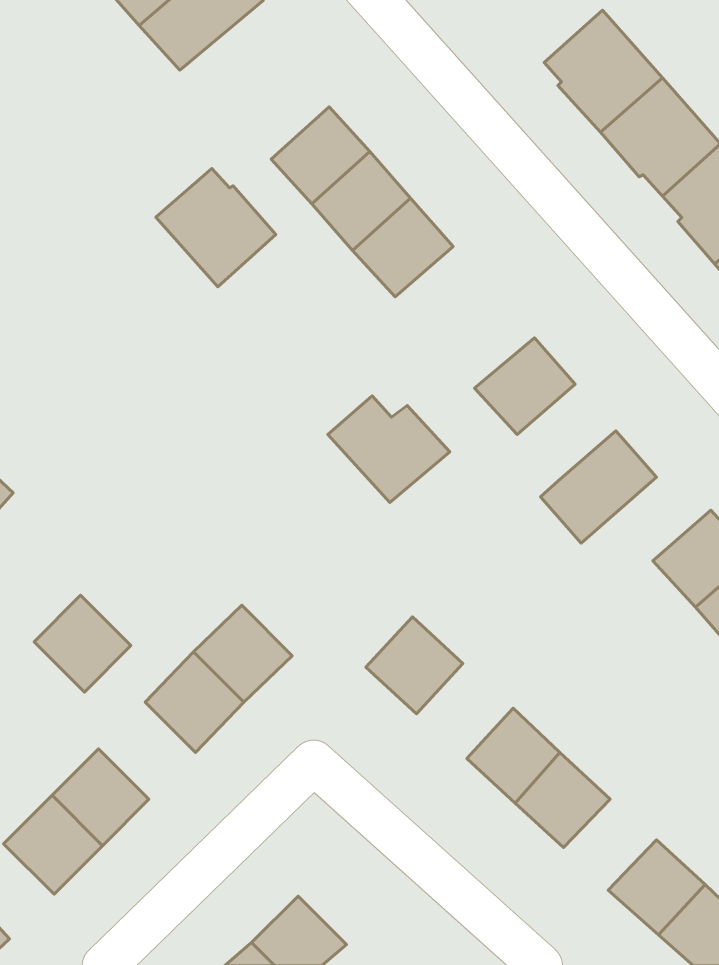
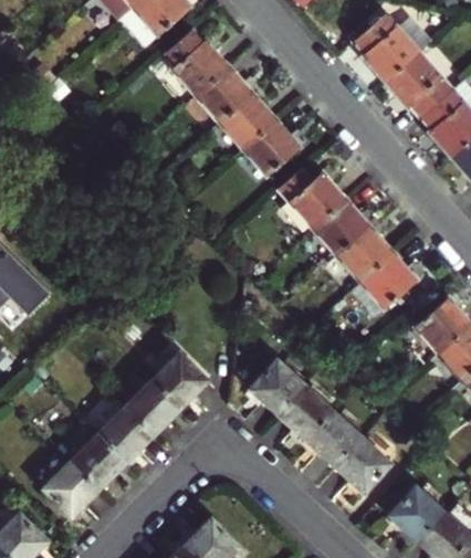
building: [156,169,276,287] -> [160,30,229,97]
building: none -> [336,225,392,281]
building: [328,396,450,502] -> [276,167,346,228]
building: [34,595,131,692] -> [97,407,153,462]
building: none -> [279,385,334,439]

